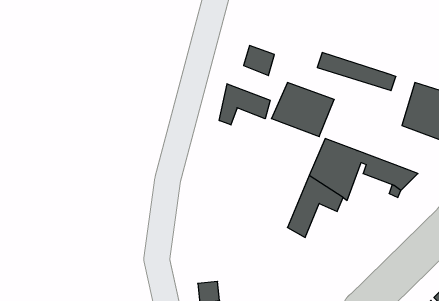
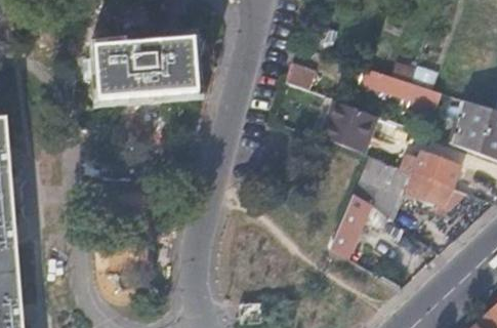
building: none -> [94,40,197,99]
building: [219,84,270,125] -> none
building: none -> [402,151,459,187]

